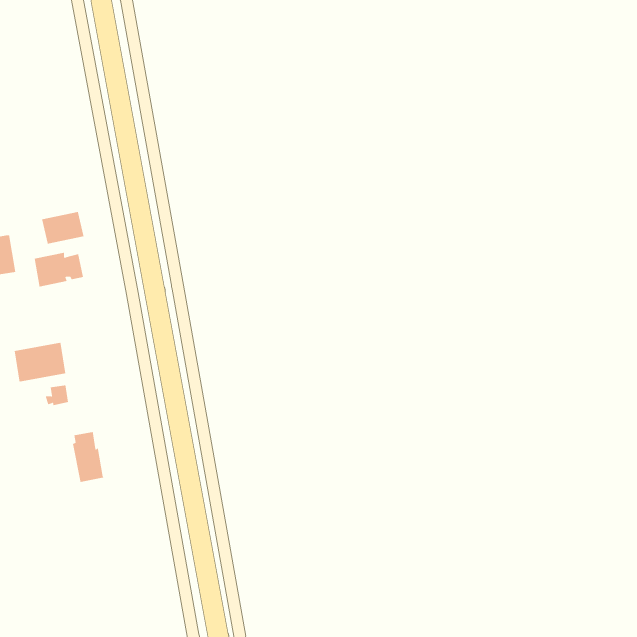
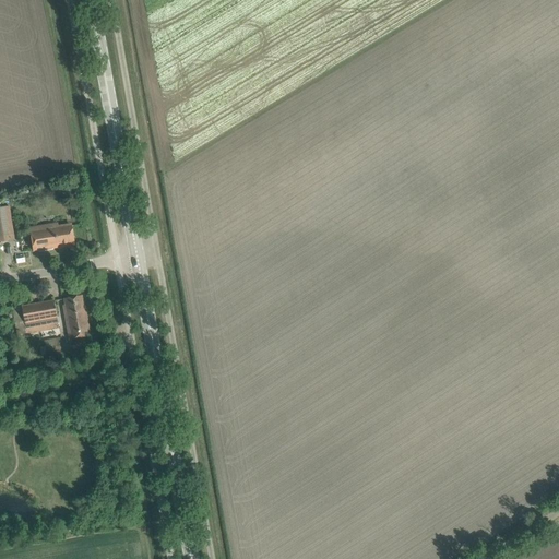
building: [41,211,84,245] -> none
building: [72,431,105,483] -> [62,294,91,338]

